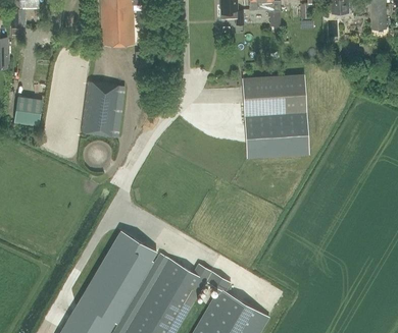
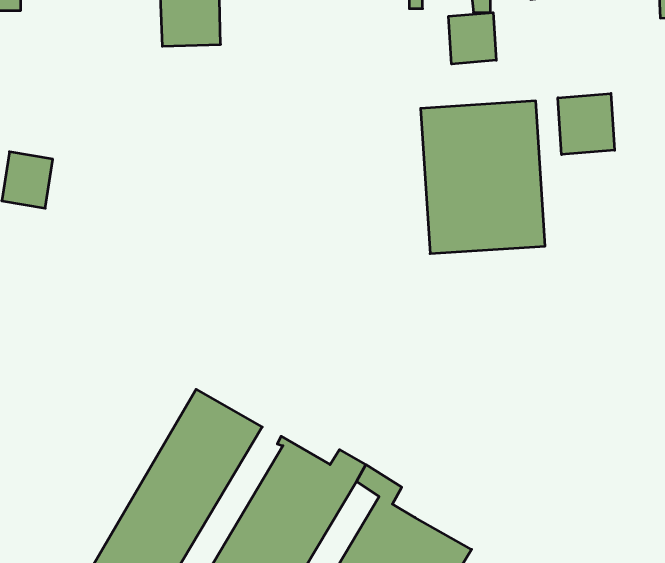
building: none -> [449,13,496,64]
building: none -> [558,93,615,155]
building: [81,81,123,137] -> none

